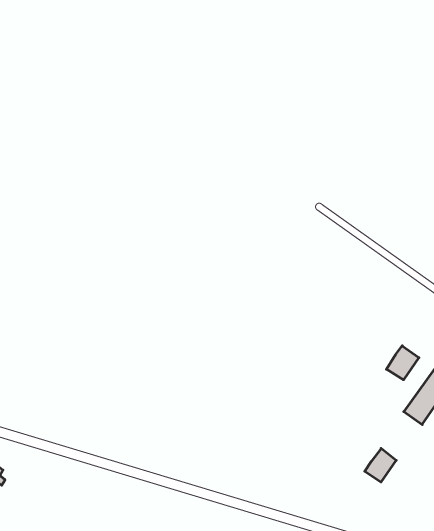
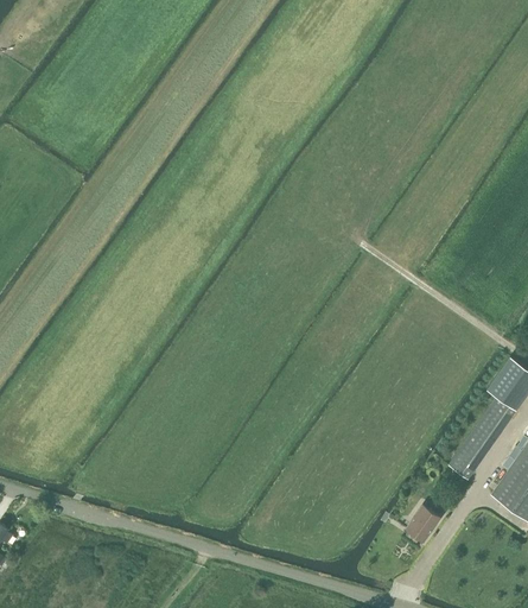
building: [386,346,419,380] -> none

